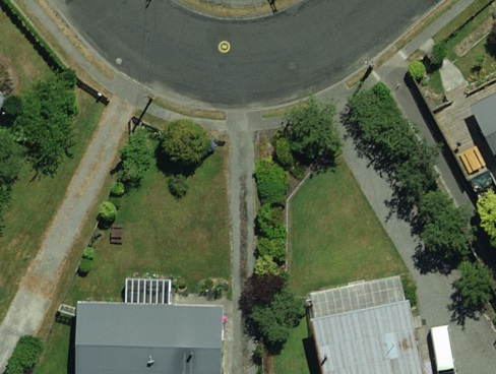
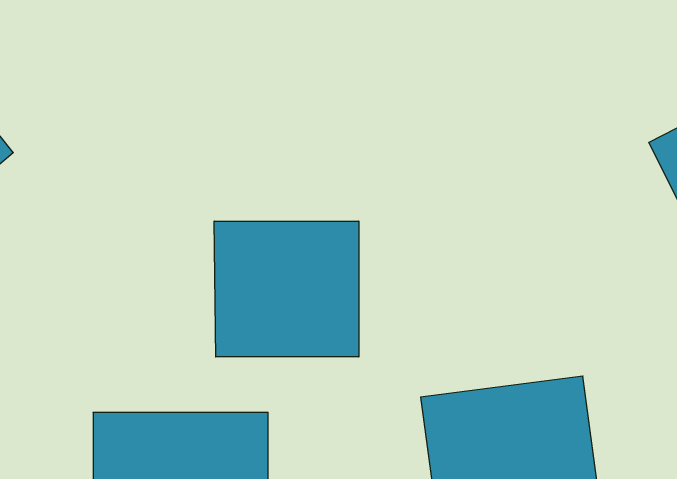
building: none -> [214,221,359,357]

